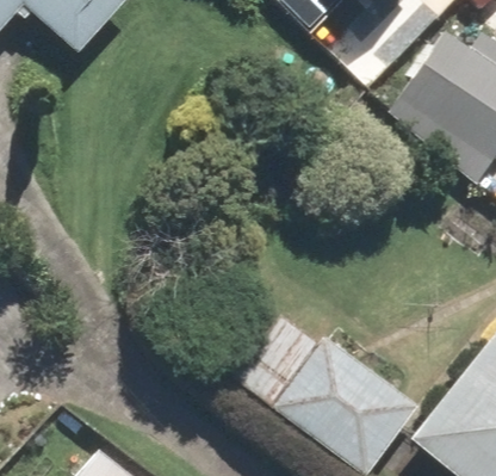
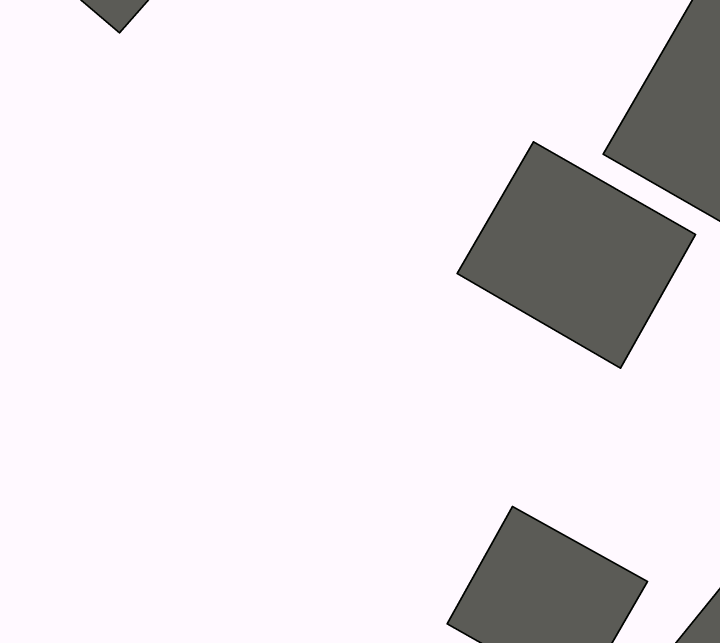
building: none -> [457,142,696,368]

